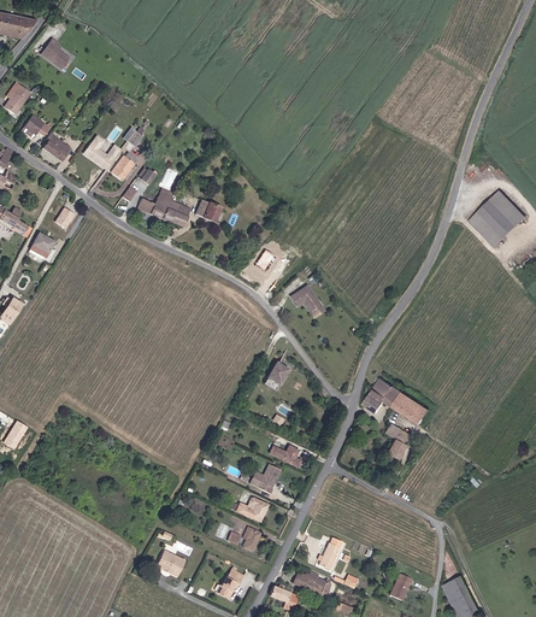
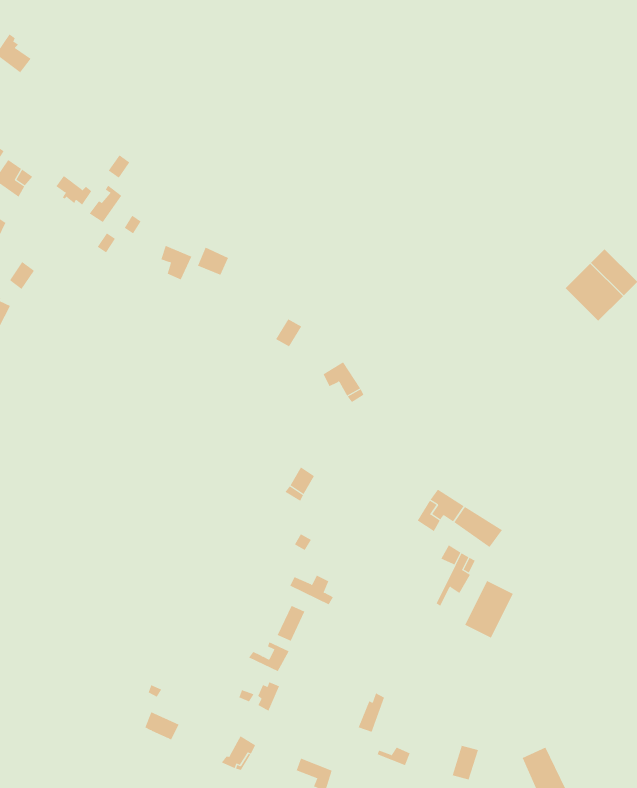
building: [140,188,176,217] -> none
building: none -> [465,580,514,639]
building: [293,569,331,595] -> none

